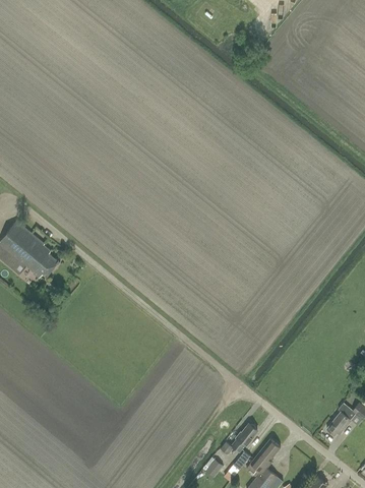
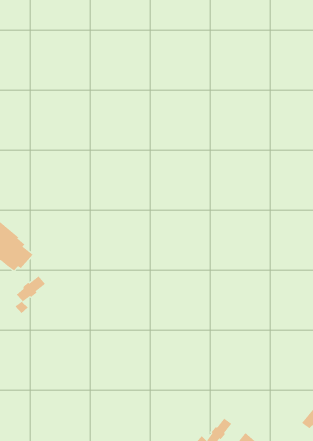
building: none -> [14,276,46,314]

